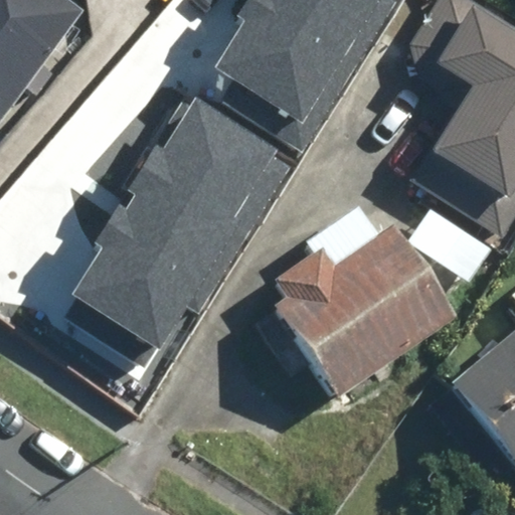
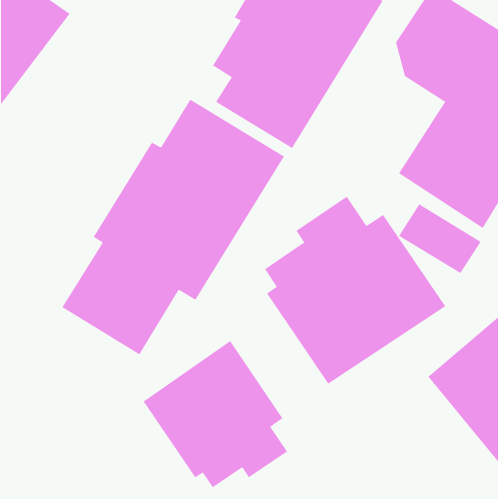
building: none -> [143,340,288,488]

